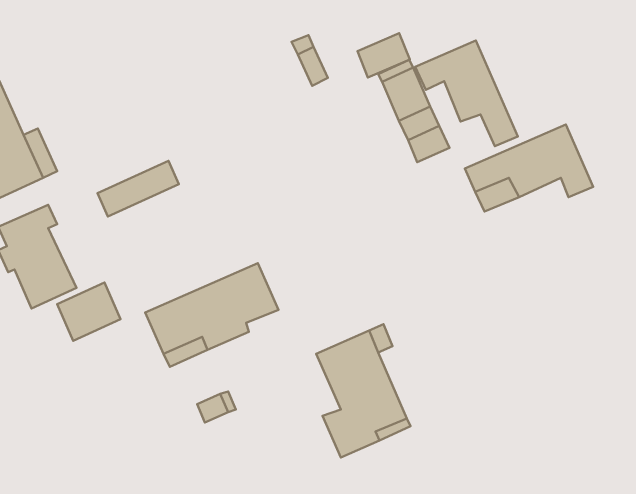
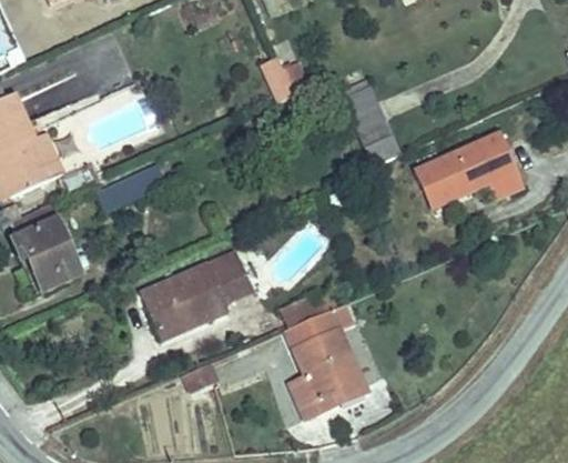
building: [357,33,410,78] -> none
building: [415,40,518,146] -> none
building: [57,282,120,341] -> none

